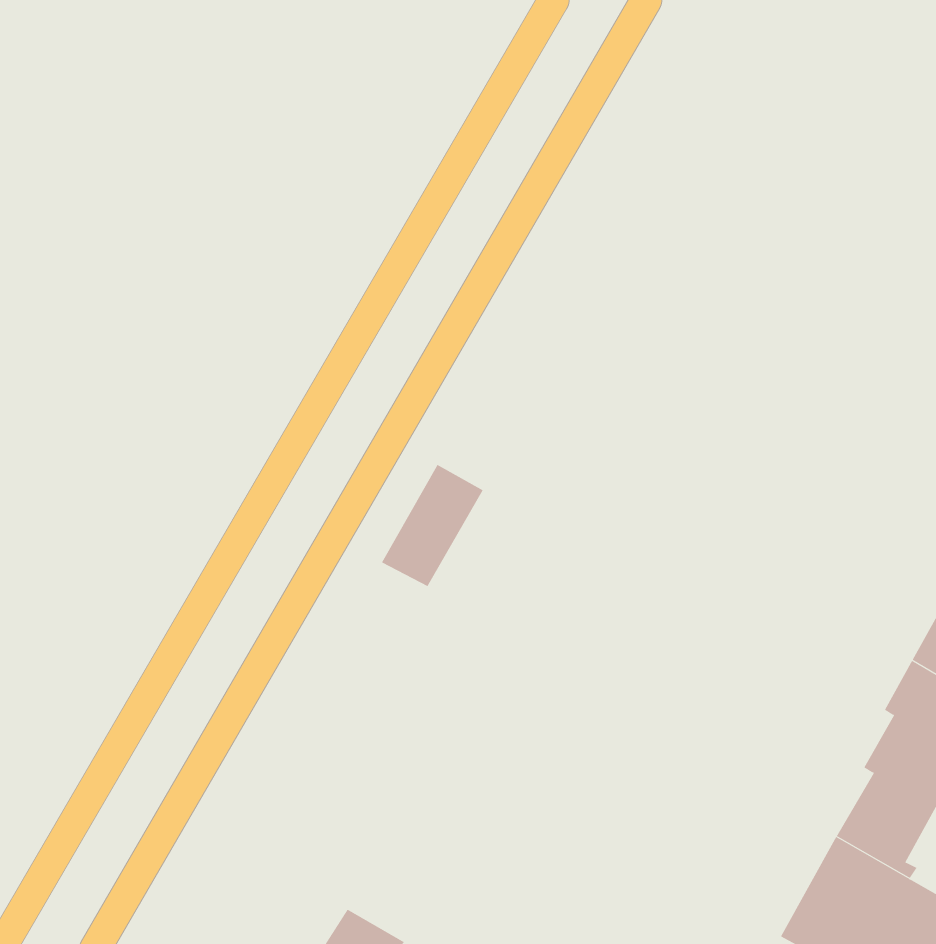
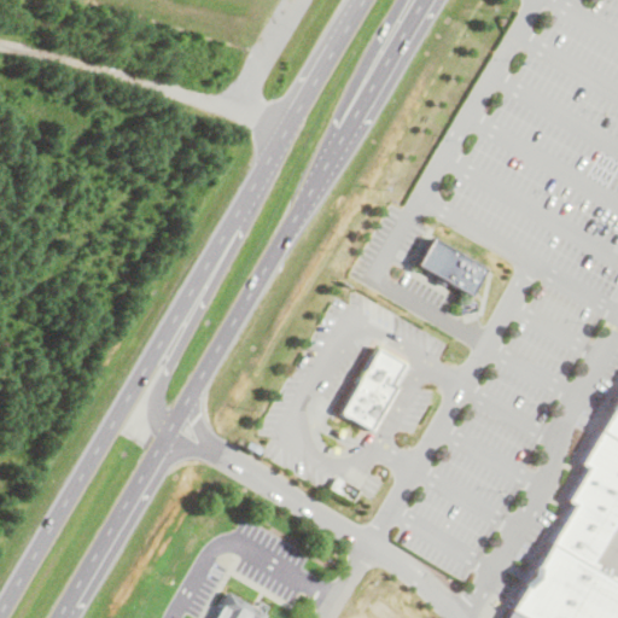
building: none -> [420,237,492,297]
building: [381,464,483,587] -> [343,350,409,430]

